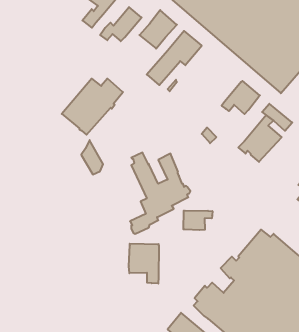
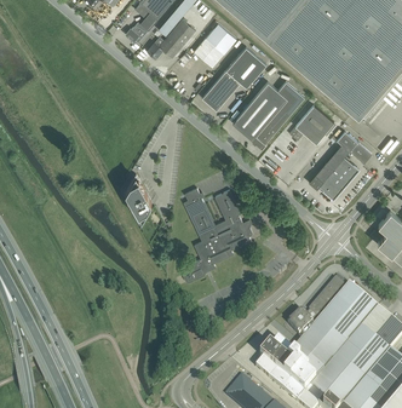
building: [62,79,123,135] -> [232,82,304,148]
building: [183,211,212,230] -> none
building: [129,244,159,284] -> none

